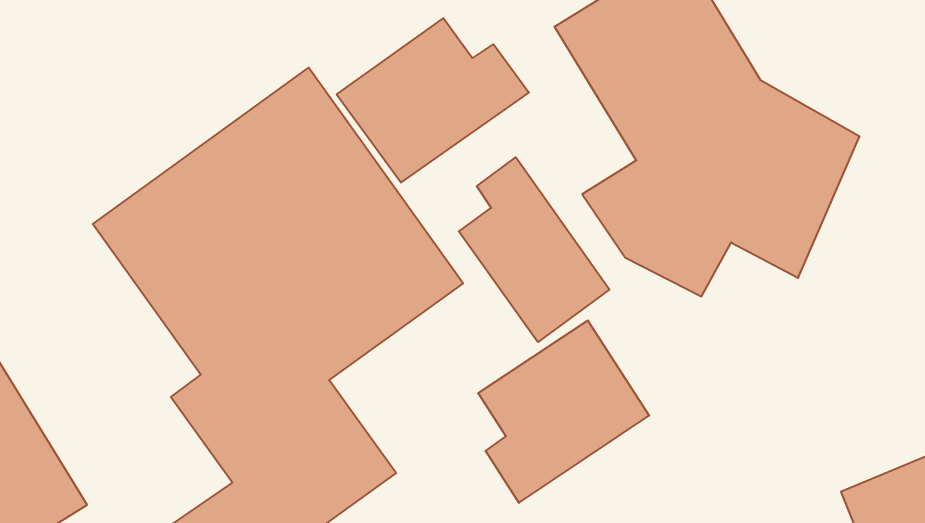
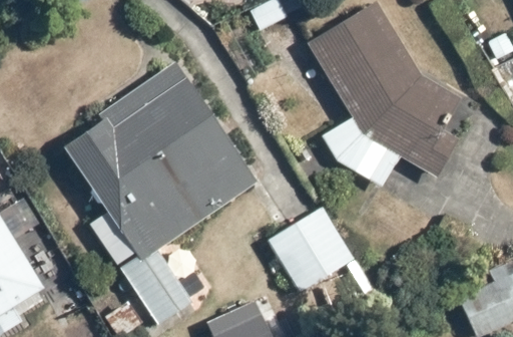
building: [337,18,529,183] -> none
building: [459,157,609,342] -> none

